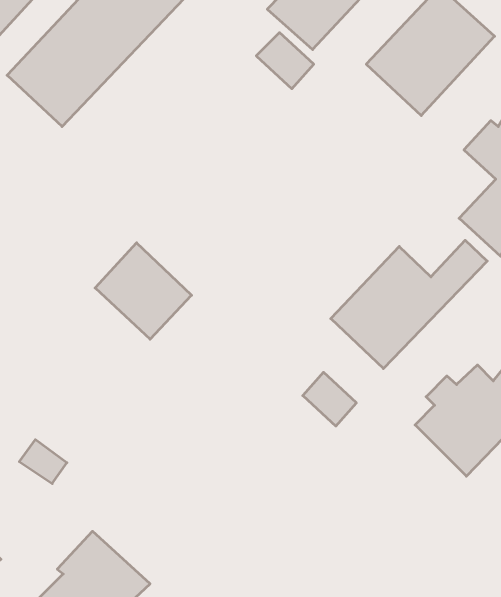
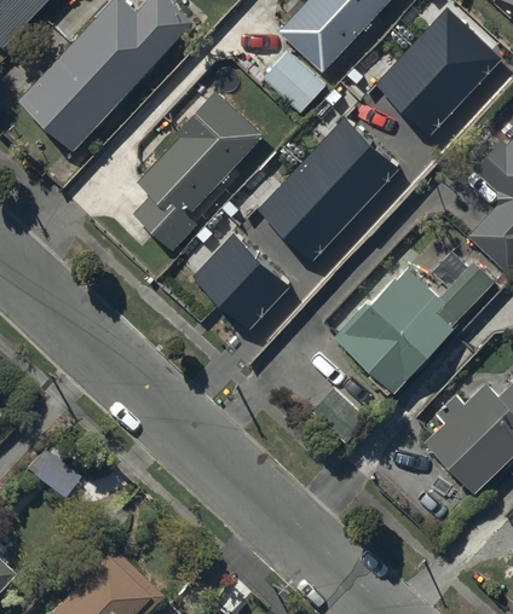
building: none -> [134,91,265,249]
building: none -> [257,116,399,261]
building: [95,243,192,339] -> [194,232,289,328]

